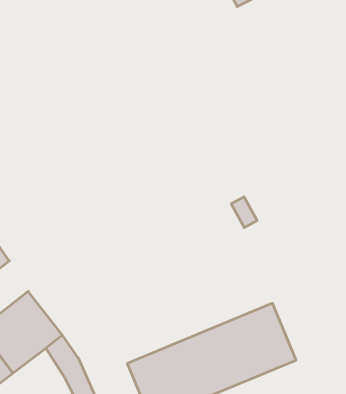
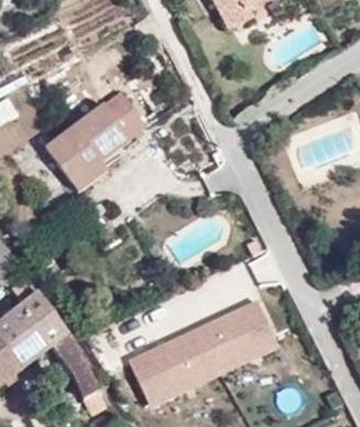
building: none -> [45,89,147,191]

